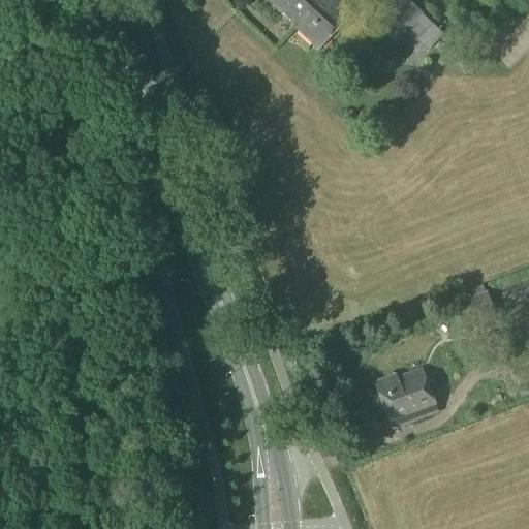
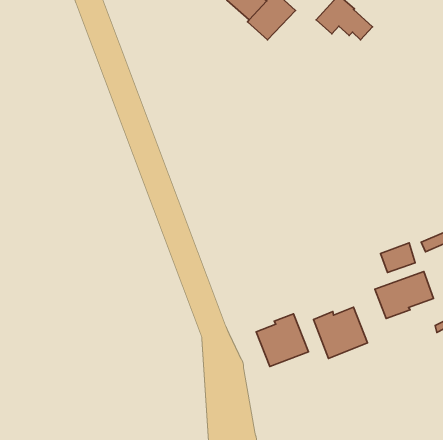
building: none -> [375,272,434,318]
building: none -> [256,314,309,366]

